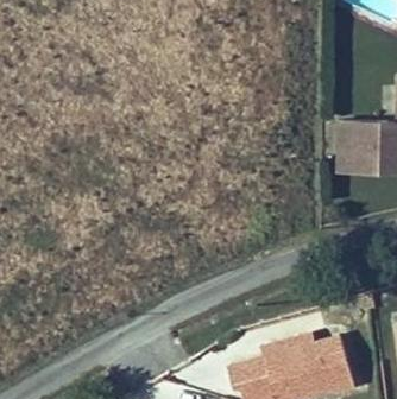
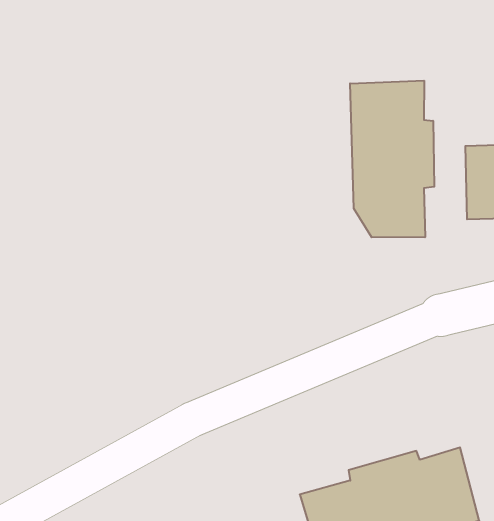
building: none -> [350,81,434,237]

